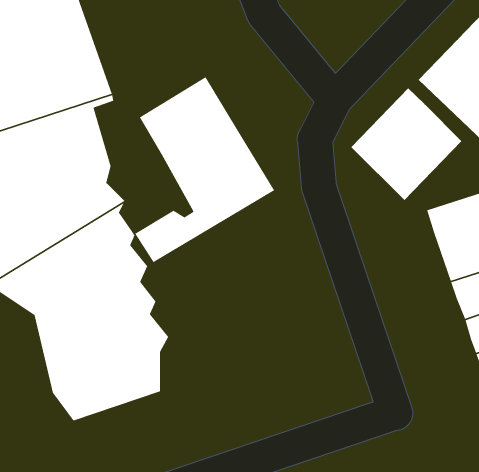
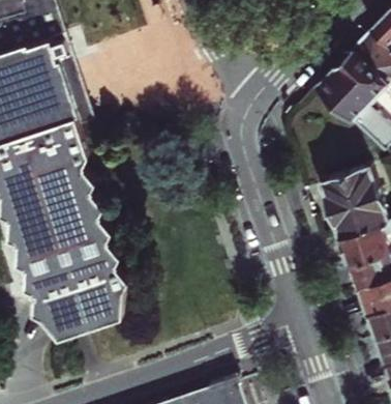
building: [134,76,275,263] -> none
building: [351,87,462,201] -> none

